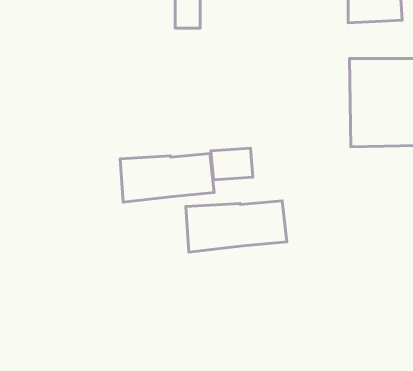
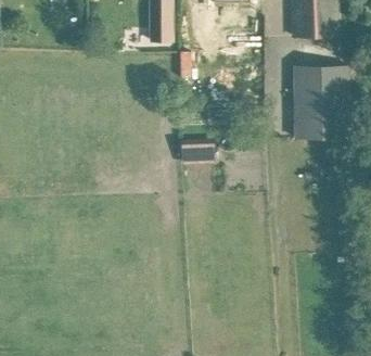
building: [120,154,214,202] -> none
building: [186,201,287,252] -> none

